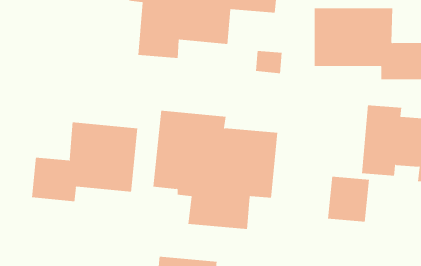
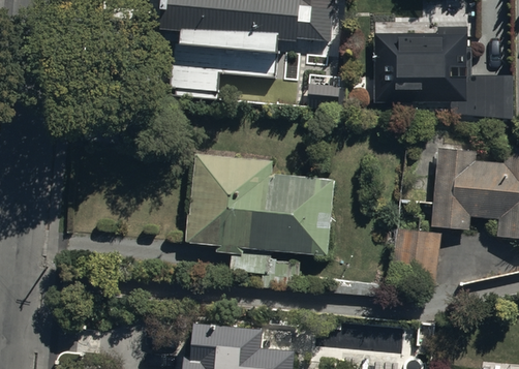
building: [32,122,138,202] -> none

